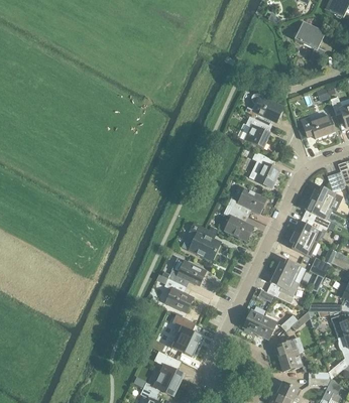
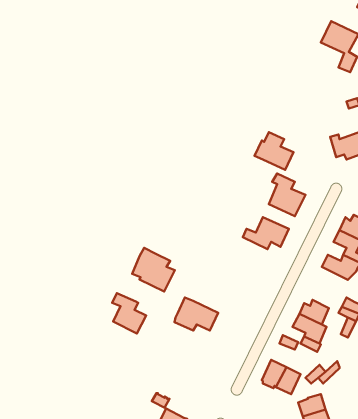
building: [244,94,283,122] -> none
building: [223,206,253,241] -> none
building: [184,223,220,260] -> [132,248,175,291]
building: [289,231,317,257] -> none
building: [164,278,194,312] -> [112,293,146,333]
building: [171,314,202,357] -> none

